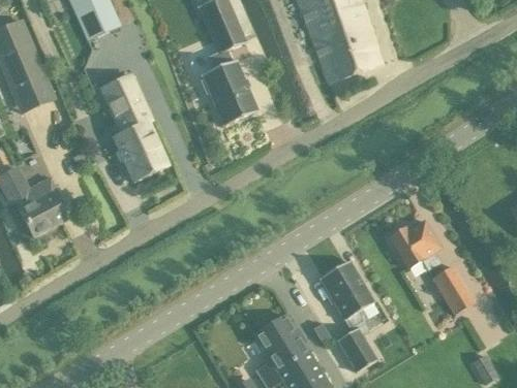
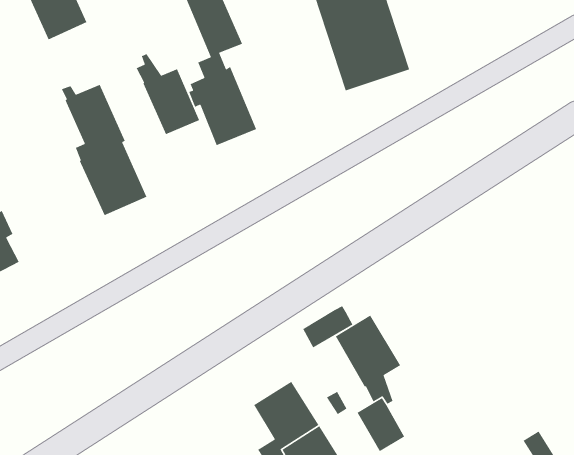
building: none -> [135,53,200,135]
building: [390,219,442,268] -> none
building: none -> [302,305,353,348]
building: [432,263,475,313] -> none

